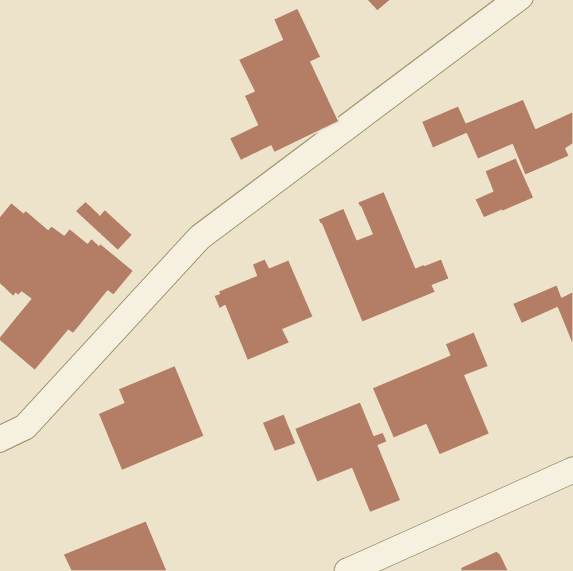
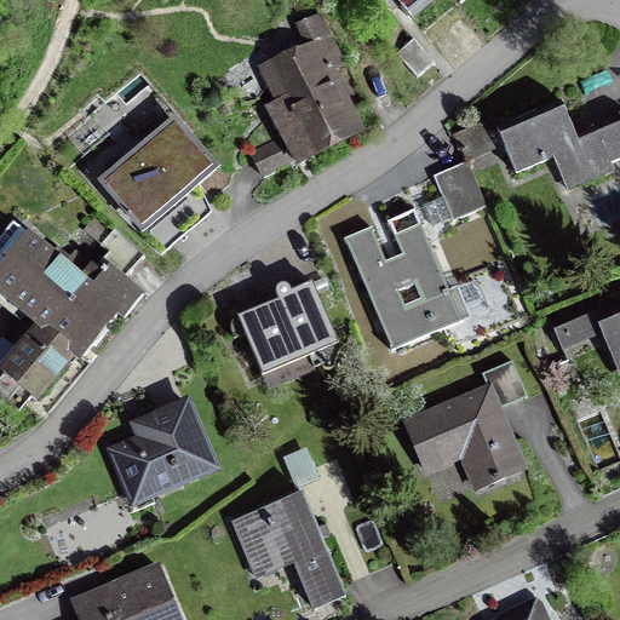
building: none -> [96,113,220,232]
building: [474,158,534,218] -> [421,159,486,224]
building: [294,402,401,513] -> [230,489,345,609]

